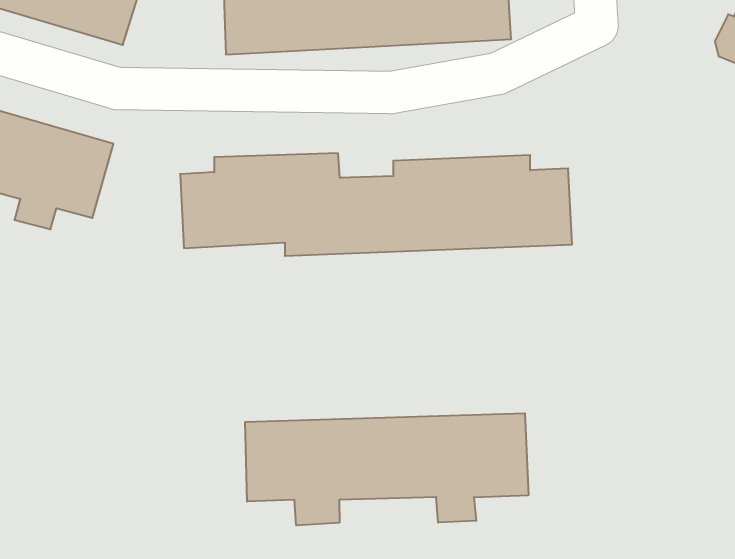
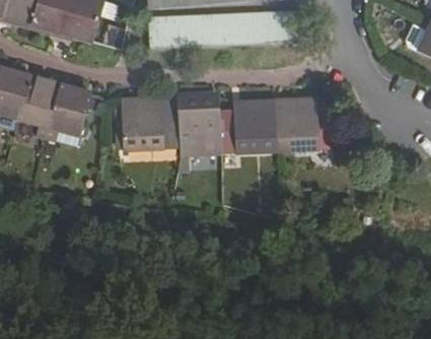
building: [245,413,528,525] -> none

